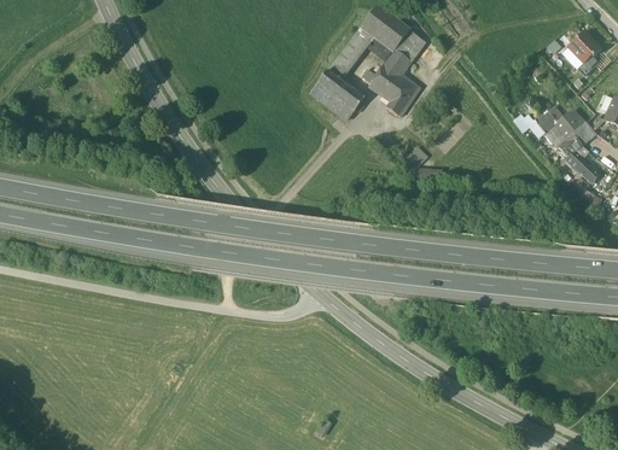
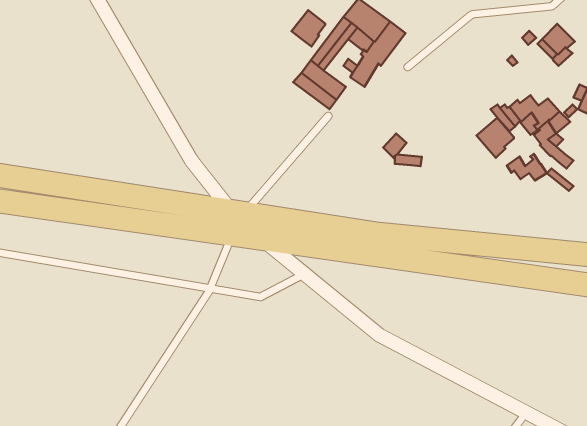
building: none -> [292,10,325,47]
building: [384,72,420,116] -> none
building: none -> [477,118,514,158]
building: none -> [507,154,547,181]

